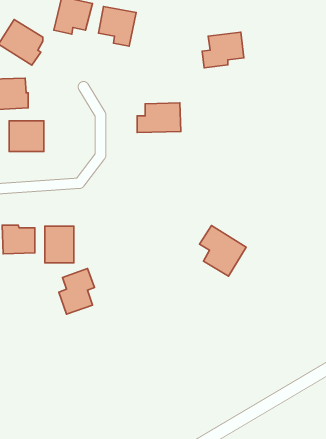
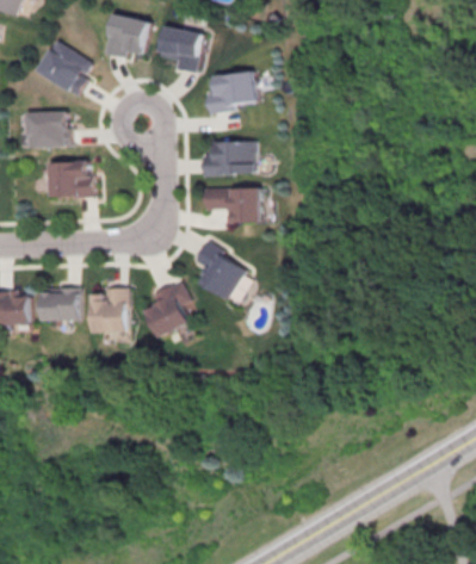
building: [202,32,244,68] -> [205,72,255,114]
building: none -> [204,188,260,223]
building: [200,225,246,276] -> [193,240,249,300]
building: [59,268,94,314] -> [147,281,190,336]

